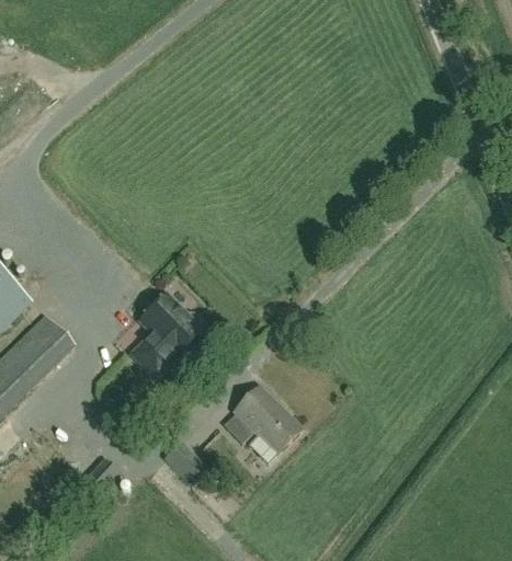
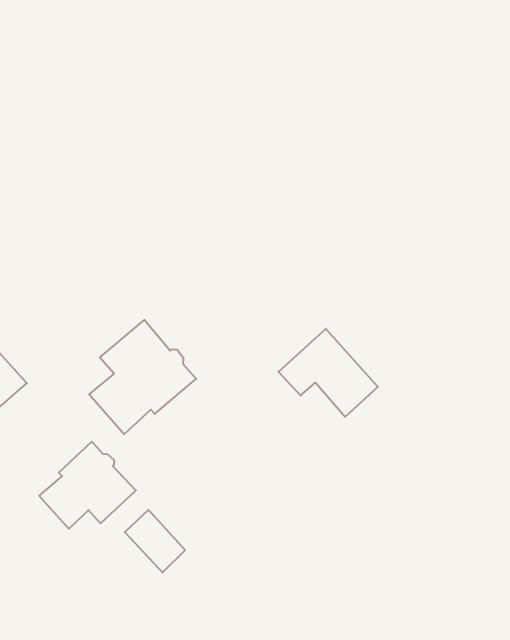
building: none -> [39,442,136,529]
building: [223,387,301,455] -> [278,329,378,417]

